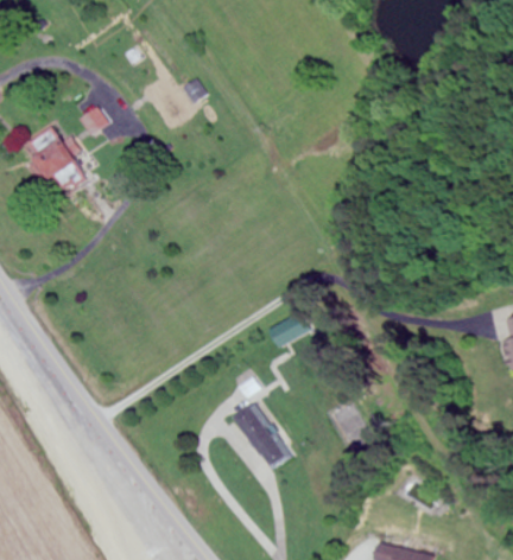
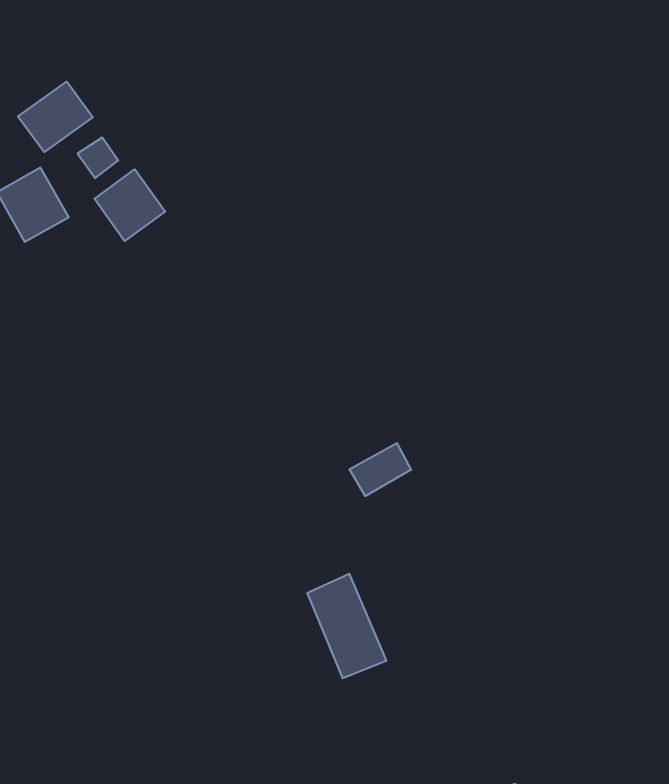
building: none -> [18,82,93,152]
building: none -> [94,169,165,241]

